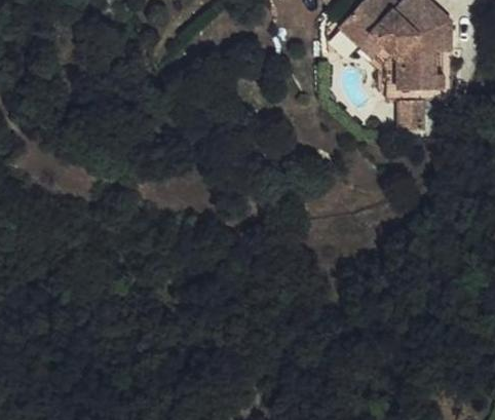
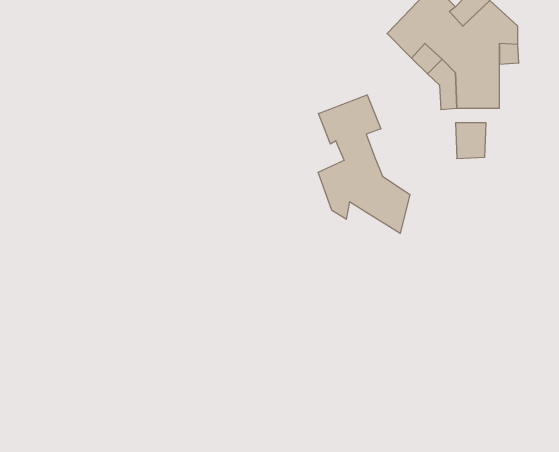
building: none -> [318,95,410,233]

